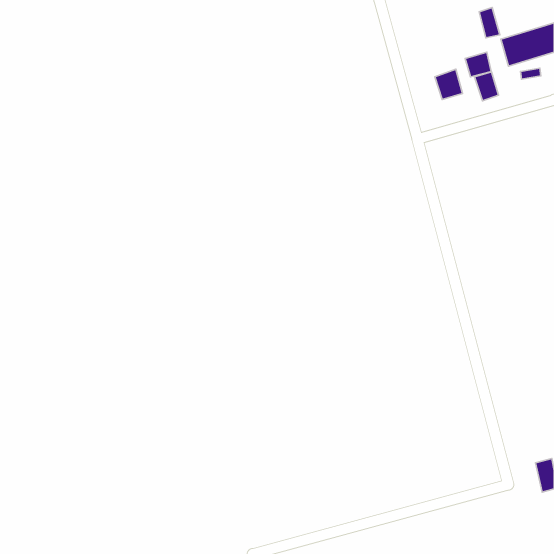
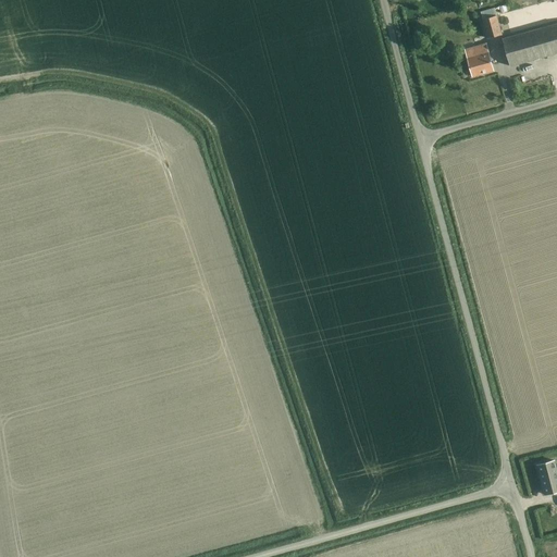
building: [435,69,463,99] -> none
building: [474,72,498,101] -> none

